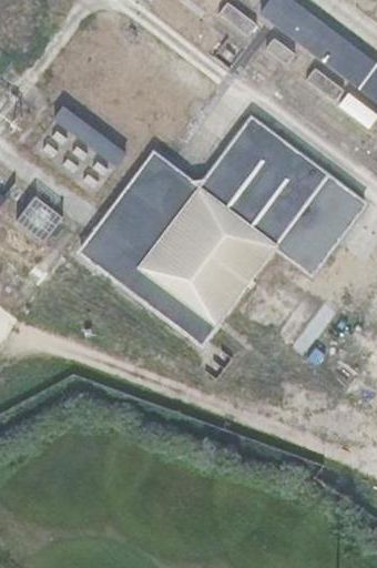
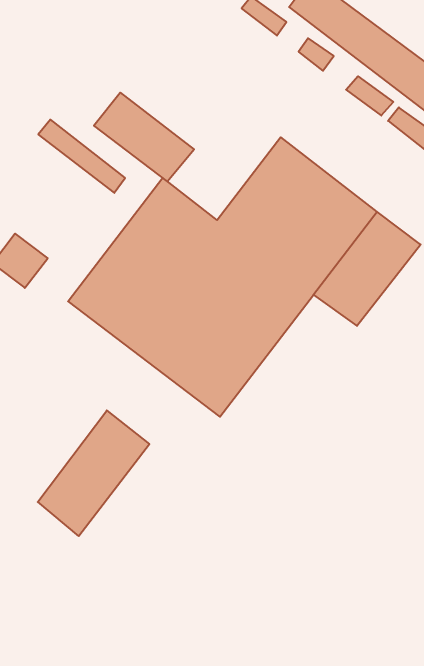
building: none -> [94,93,194,181]
building: none -> [38,410,149,536]

